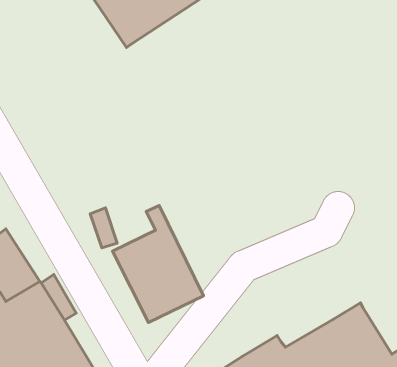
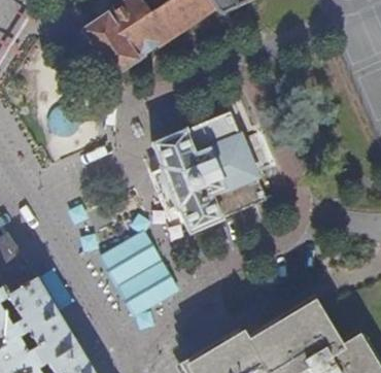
building: none -> [150,113,265,232]

